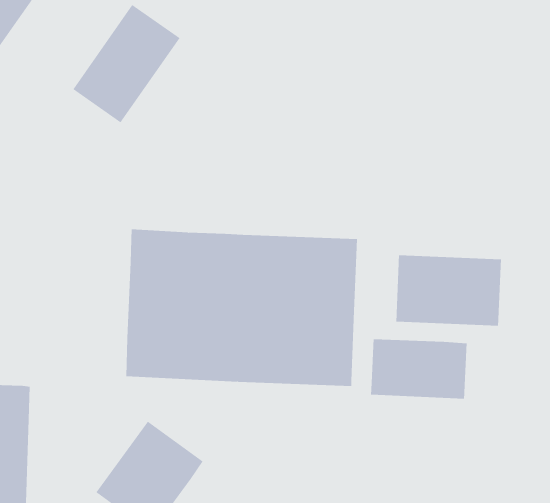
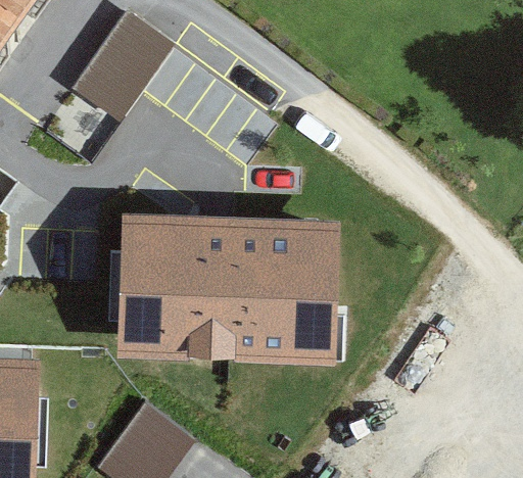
building: [396,254,501,327] -> none
building: [371,338,467,399] -> none

